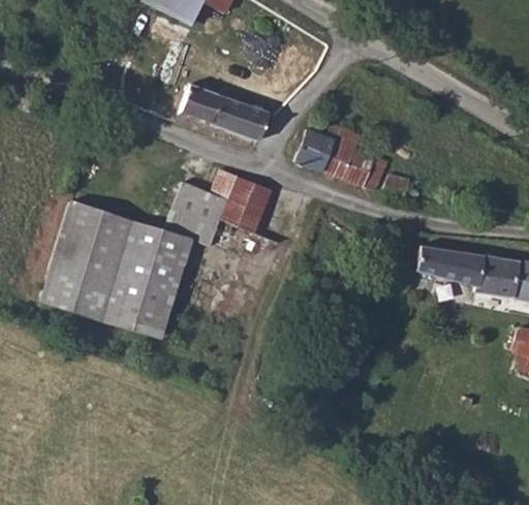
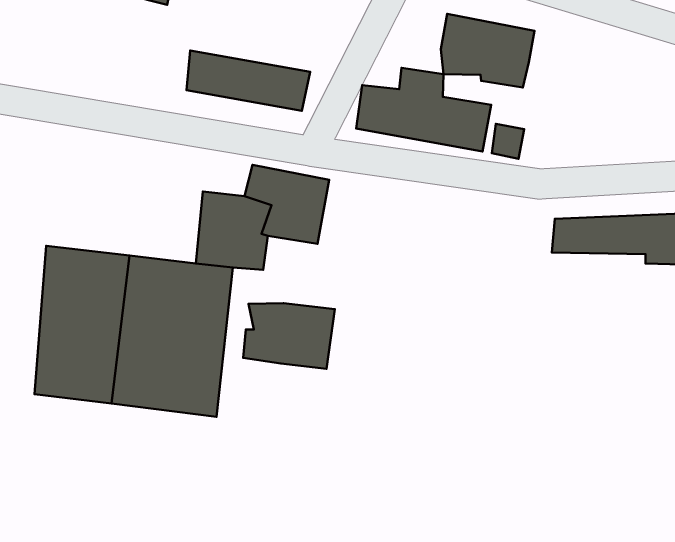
building: none -> [441,14,535,88]
building: none -> [243,303,335,369]

